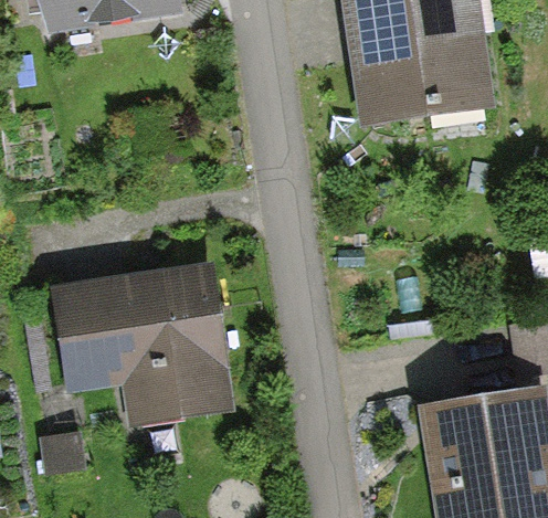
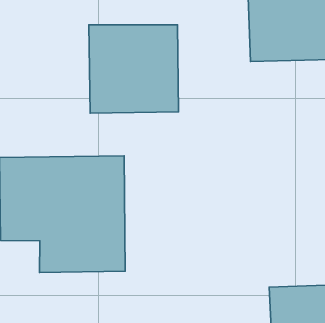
building: none -> [89,25,179,113]

